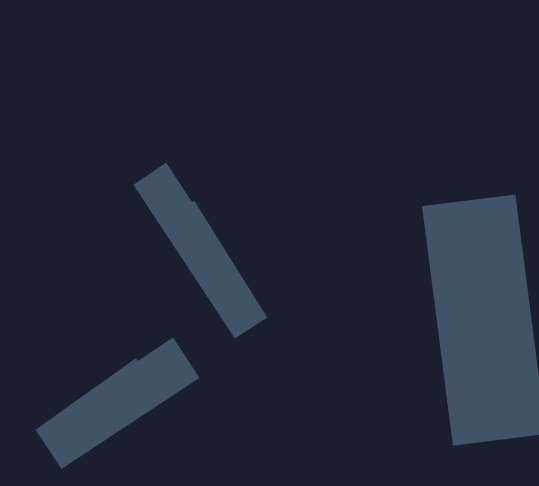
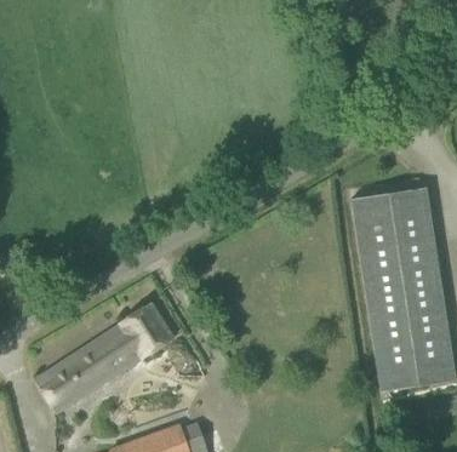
building: [132,162,268,340] -> none

